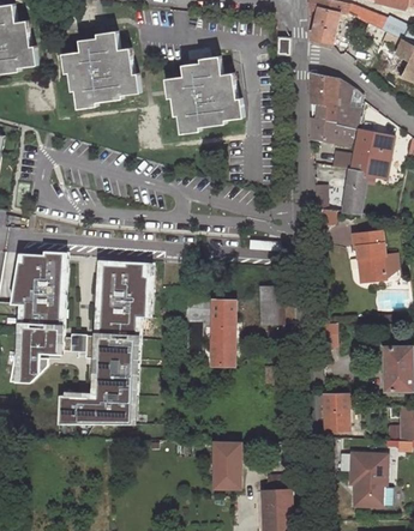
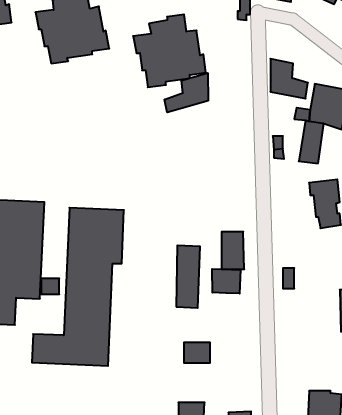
building: [310,73,360,128] -> none
building: none -> [165,73,208,112]
building: none -> [212,269,240,294]
building: [323,393,348,429] -> none
building: [212,443,240,465] -> [184,342,210,363]

